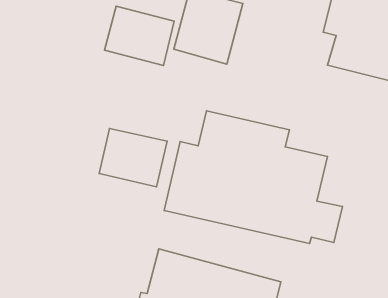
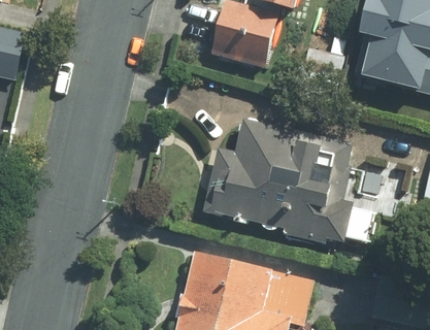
building: [104,6,174,66] -> none
building: [99,128,167,187] -> none

